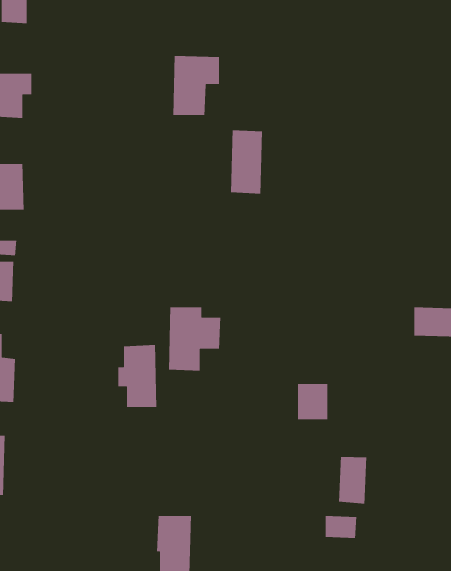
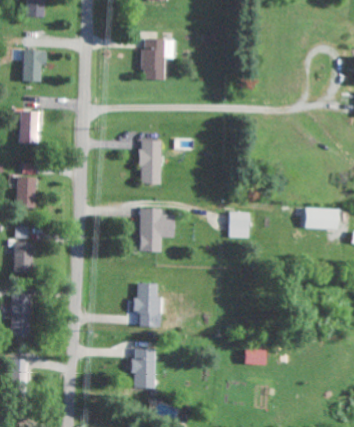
building: [230,129,263,194] -> [140,140,162,184]
building: [117,344,157,408] -> [133,283,160,326]
building: [297,383,328,420] -> [228,212,249,237]
building: [338,456,367,504] -> none

